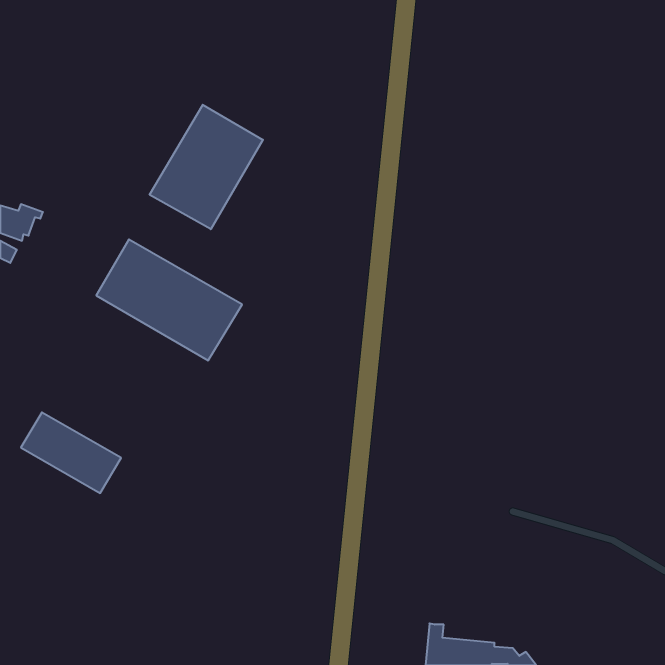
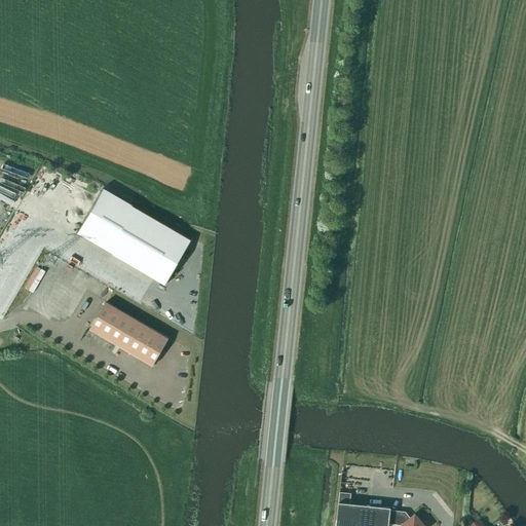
building: [150,105,263,229] -> none
building: [21,412,121,493] -> [89,302,168,366]

